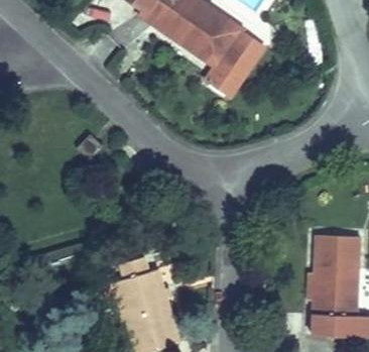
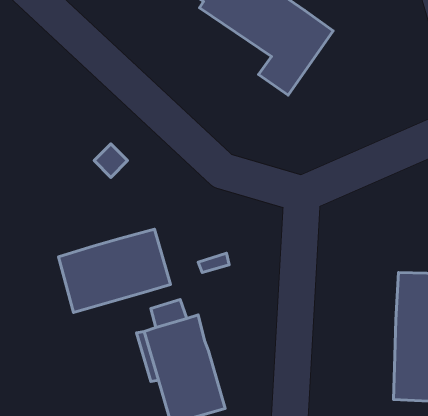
building: none -> [58,229,171,312]

